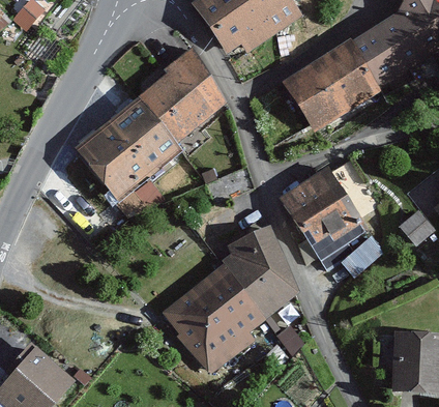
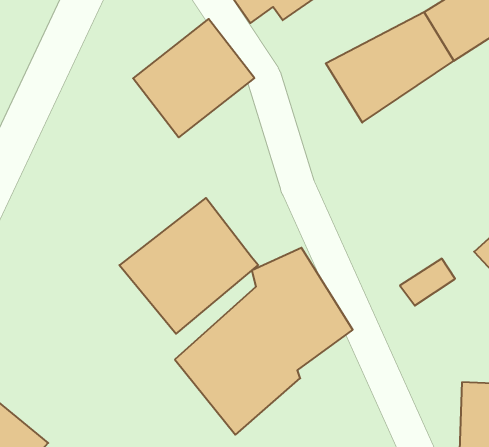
building: [69,96,176,201] -> [119,198,258,334]
building: [287,170,371,259] -> none

